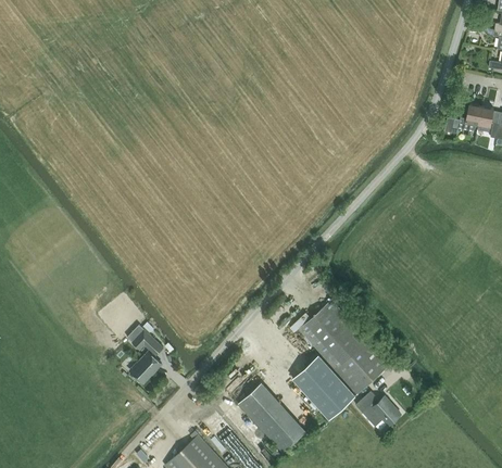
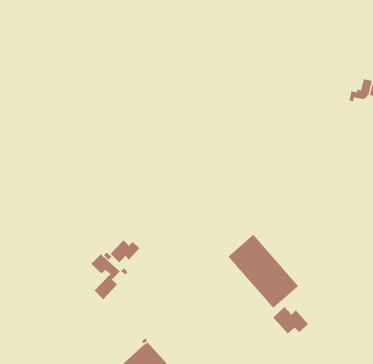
building: none -> [110,240,140,263]
building: [292,355,355,419] -> none
building: [238,382,305,453] -> none

